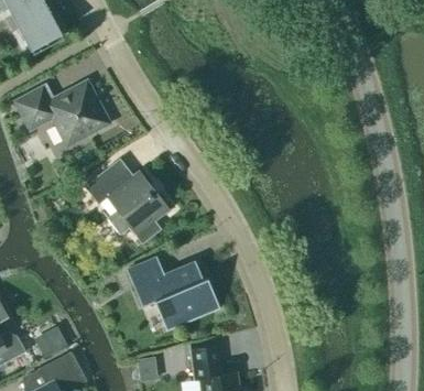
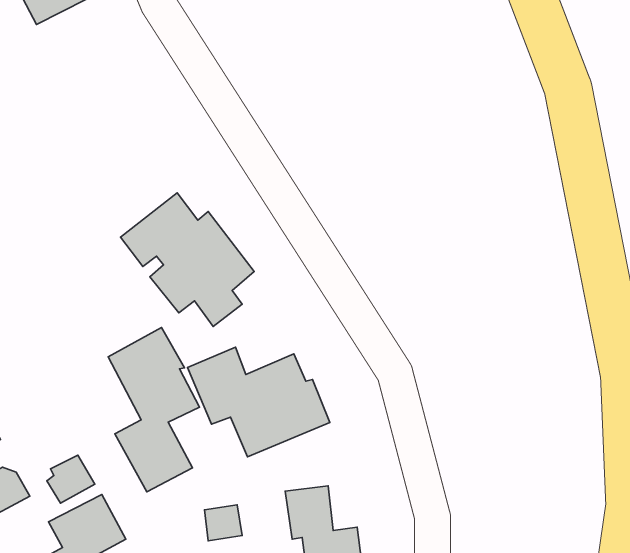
building: [15,80,109,145] -> none
building: none -> [108,327,199,492]

